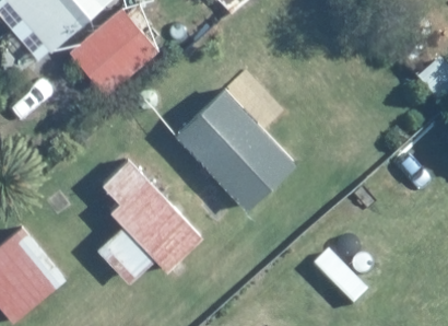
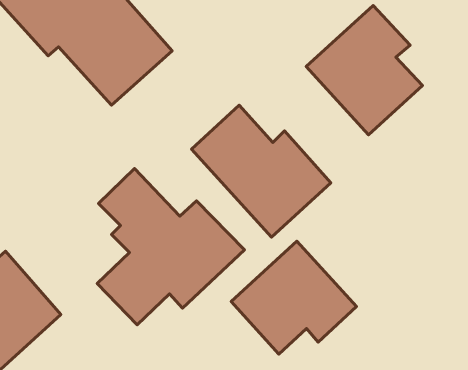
building: none -> [306,6,423,135]
building: none -> [231,241,357,354]

